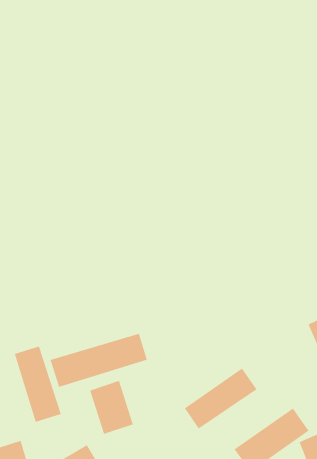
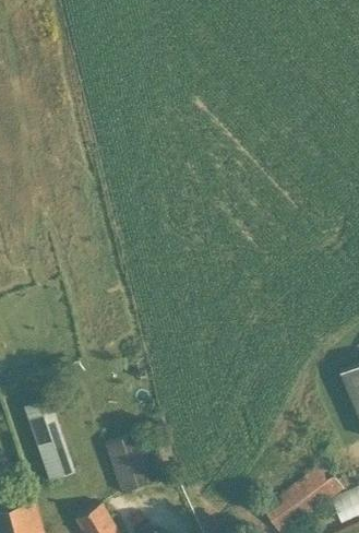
building: [50,333,148,388] -> none
building: [184,368,257,429] -> none

